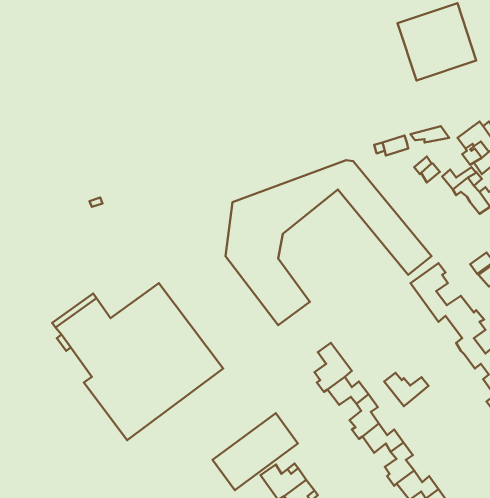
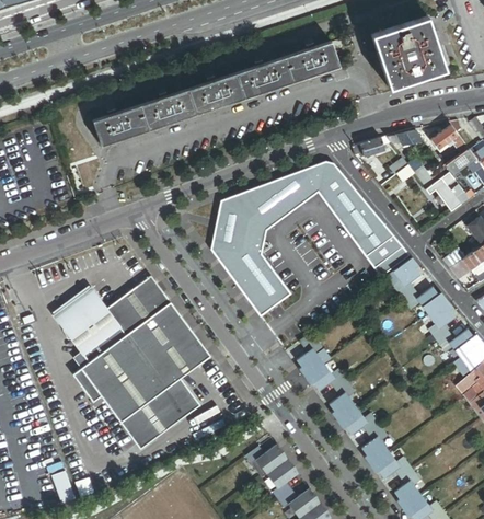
building: none -> [94,37,347,143]
building: [384,373,429,406] -> none
building: [212,413,298,490] -> [120,380,200,452]

